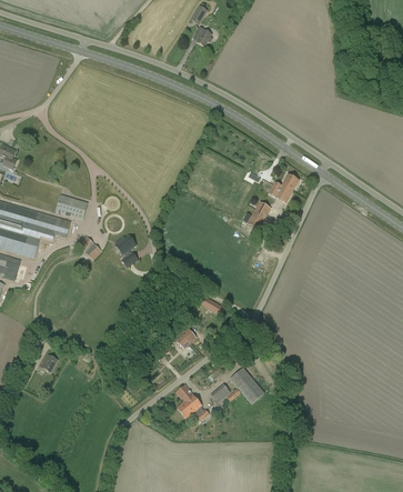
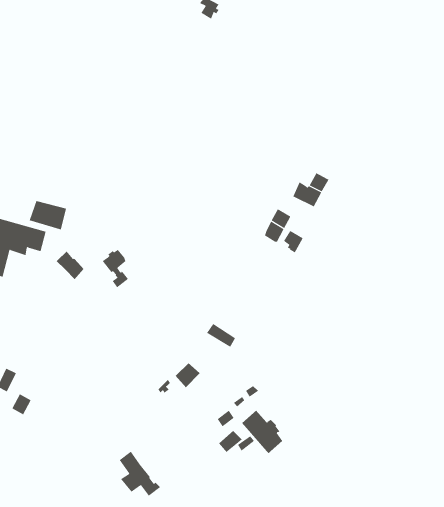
building: [174,383,209,421] -> [119,451,161,497]

